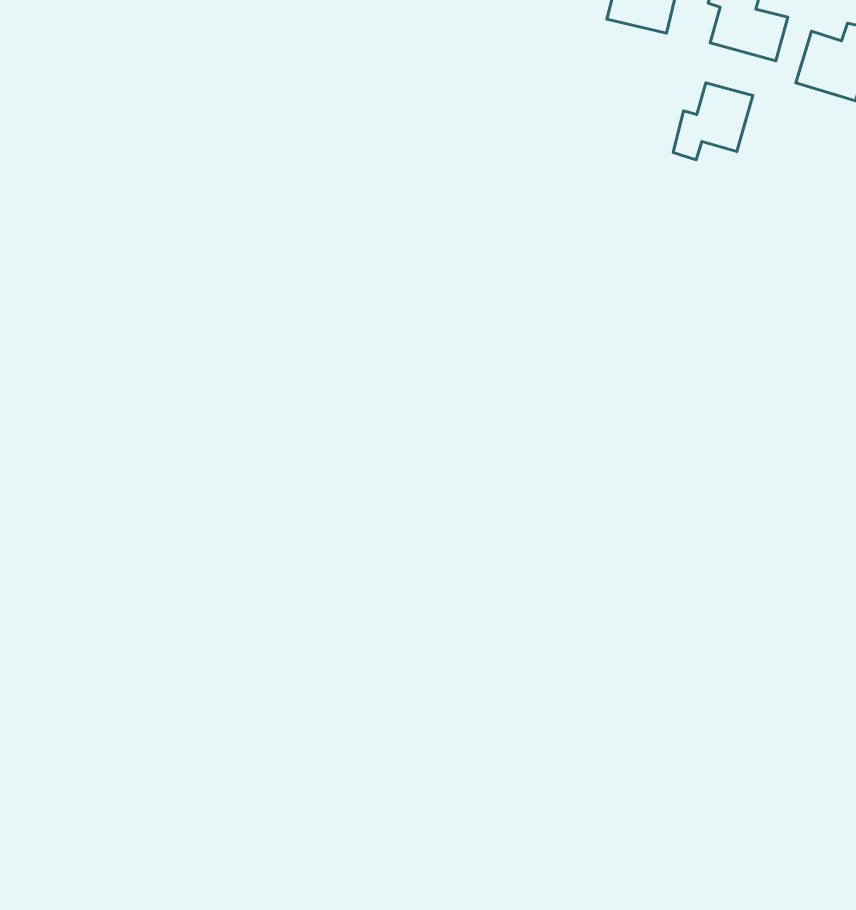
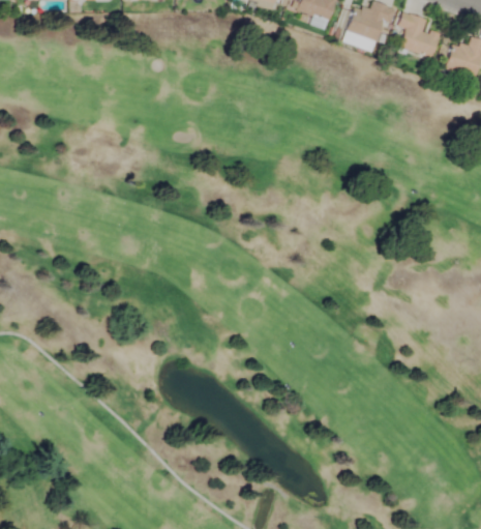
building: [673,83,753,160] -> none

